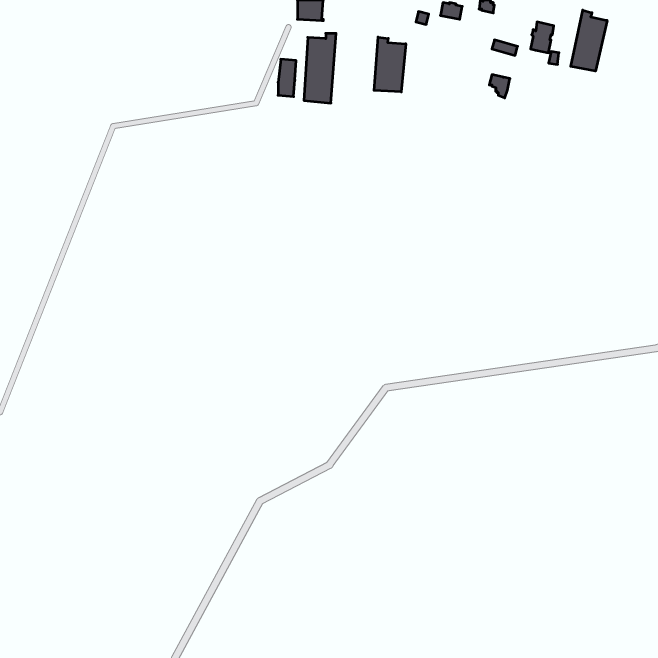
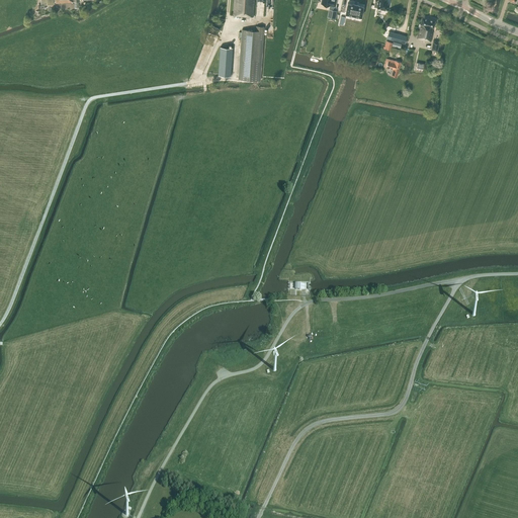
building: [571,10,607,71] -> none
building: [374,37,406,92] -> none

